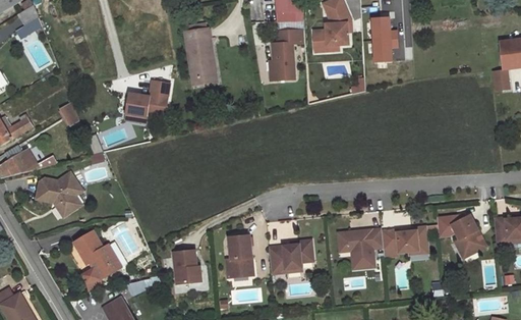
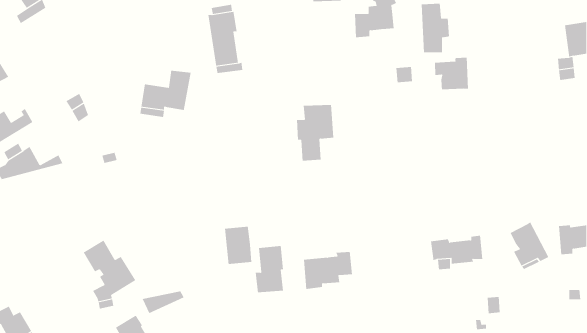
building: [272,30,305,79] -> [296,104,334,161]
building: none -> [434,57,469,90]
building: [36,171,82,216] -> none
building: [437,214,466,236] -> none
building: [338,228,383,268] -> none
building: [173,250,197,283] -> [224,226,252,264]

